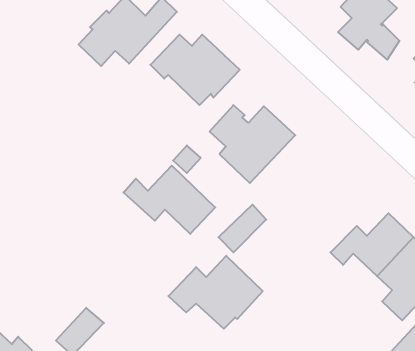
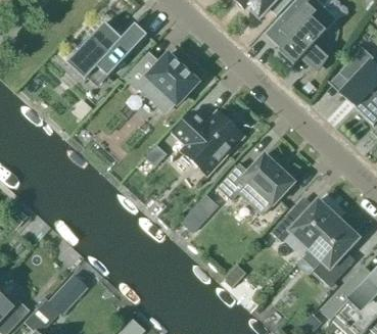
building: [123,166,215,234] -> none
building: [168,256,263,329] -> [218,153,294,212]

